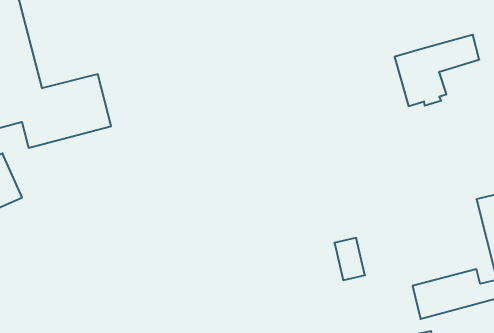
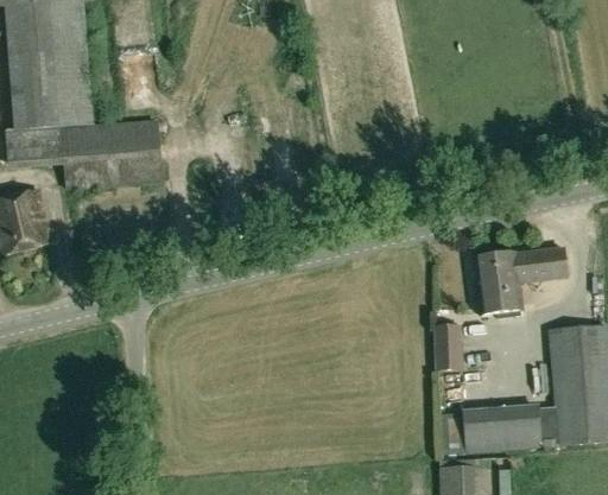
building: [395,35,479,106] -> [473,247,565,316]
building: [334,238,365,280] -> [435,325,462,369]

